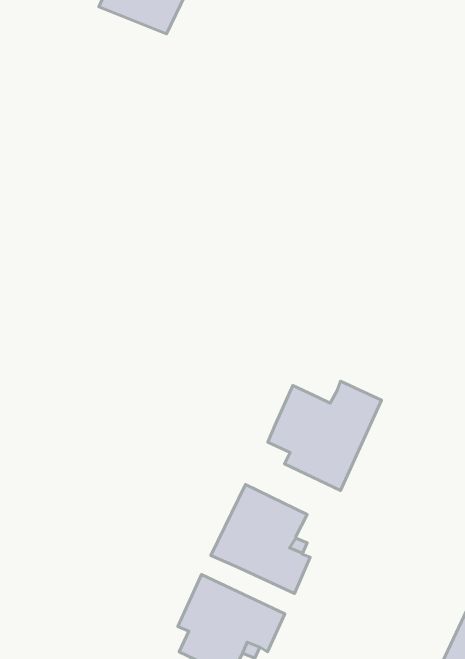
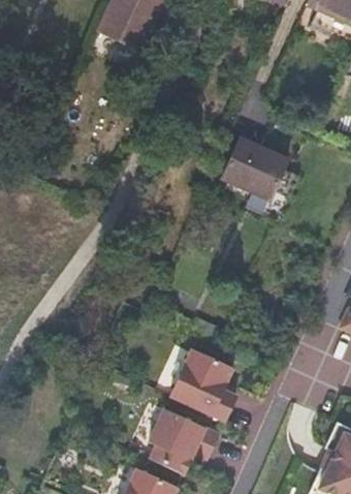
building: none -> [222,138,286,200]
building: [268,381,381,490] -> none

